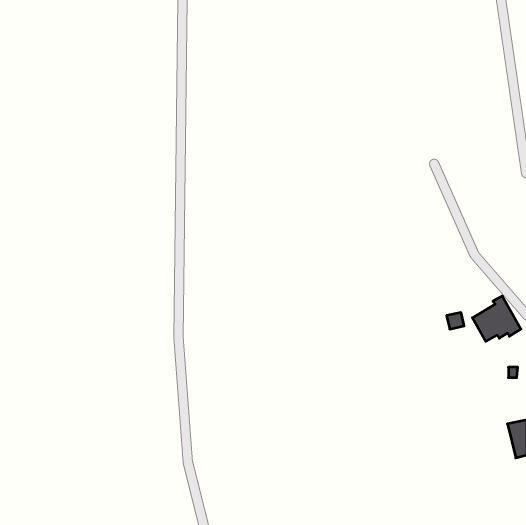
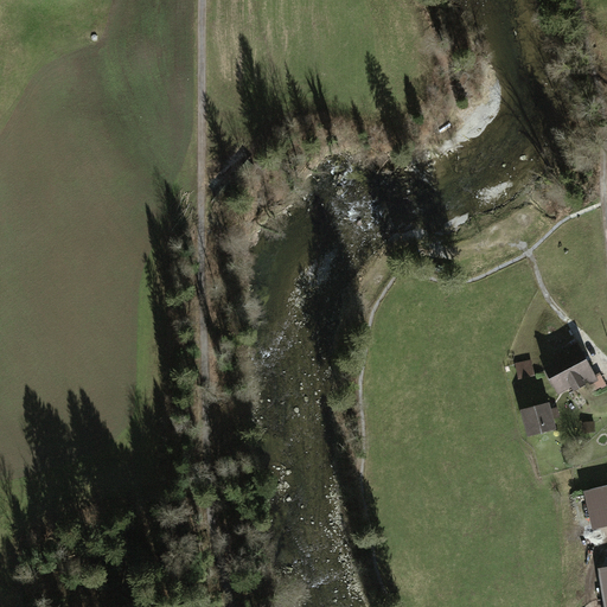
building: none -> [519,402,555,437]

